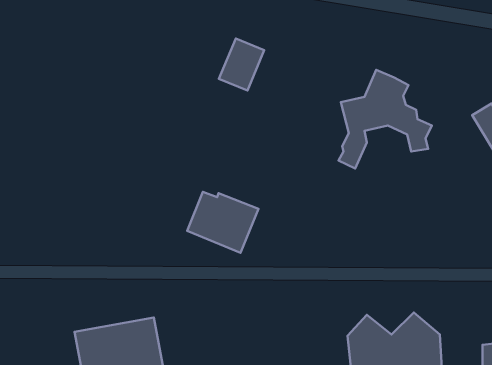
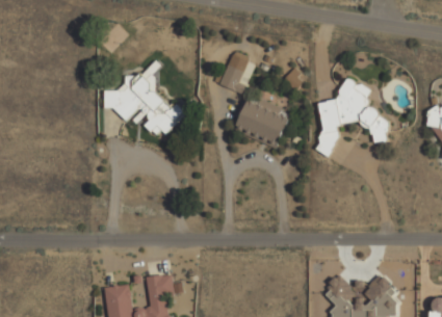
building: none -> [104,59,185,132]
building: [187,192,259,253] -> [234,99,291,148]

